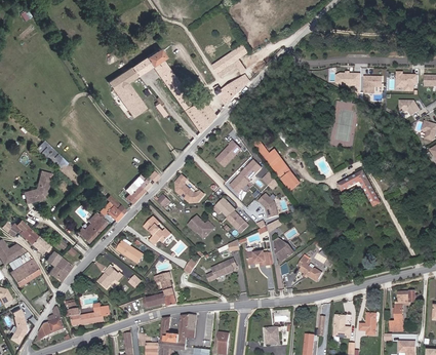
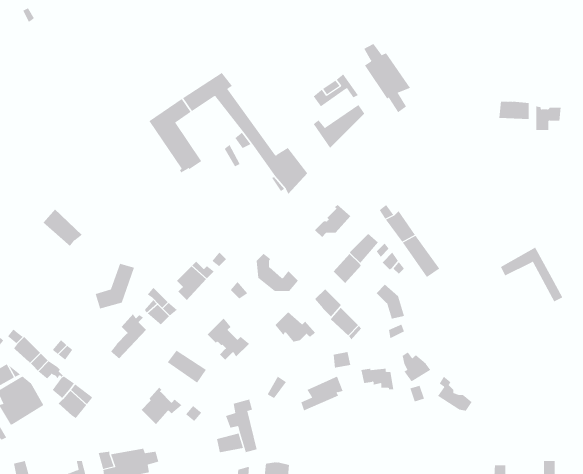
building: none -> [364,43,411,113]
building: [23,173,49,204] -> [95,263,135,309]

